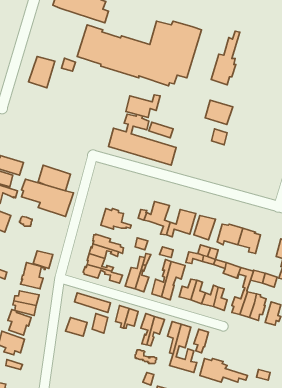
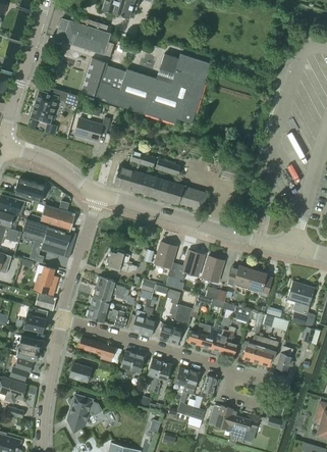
building: [211,31,240,85] -> none
building: [126,95,160,117] -> [75,118,111,142]
building: [205,100,233,125] -> [179,187,208,212]
building: none -> [14,179,45,202]
building: none -> [35,266,58,296]
building: none -> [68,396,101,431]

